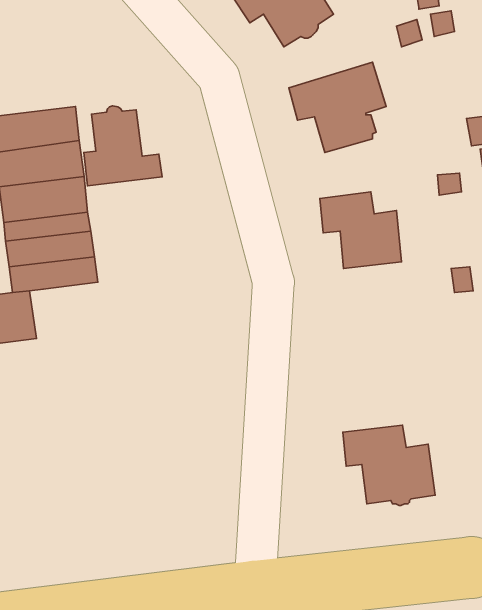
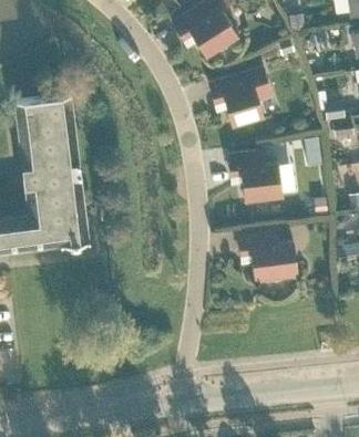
building: [84,106,162,186] -> none
building: none -> [40,209,88,250]
building: [343,425,435,506] -> [238,229,298,281]

